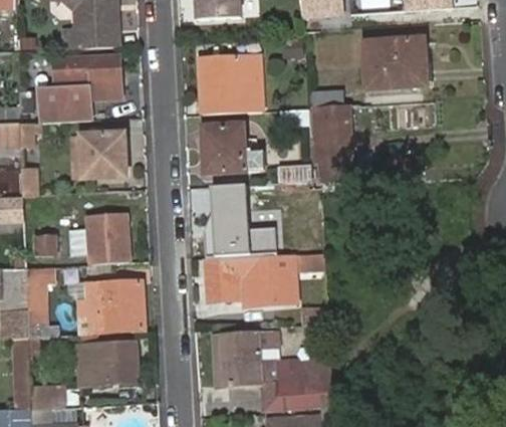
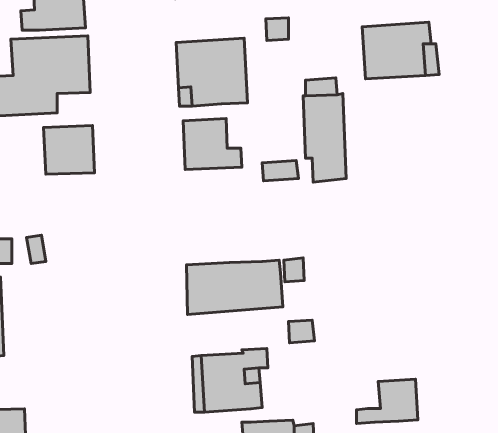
building: [187,185,275,256] -> none
building: [84,208,129,263] -> none
building: [84,280,142,332] -> none
building: [73,343,138,385] -> none
building: [265,357,319,396] -> [357,379,418,423]

